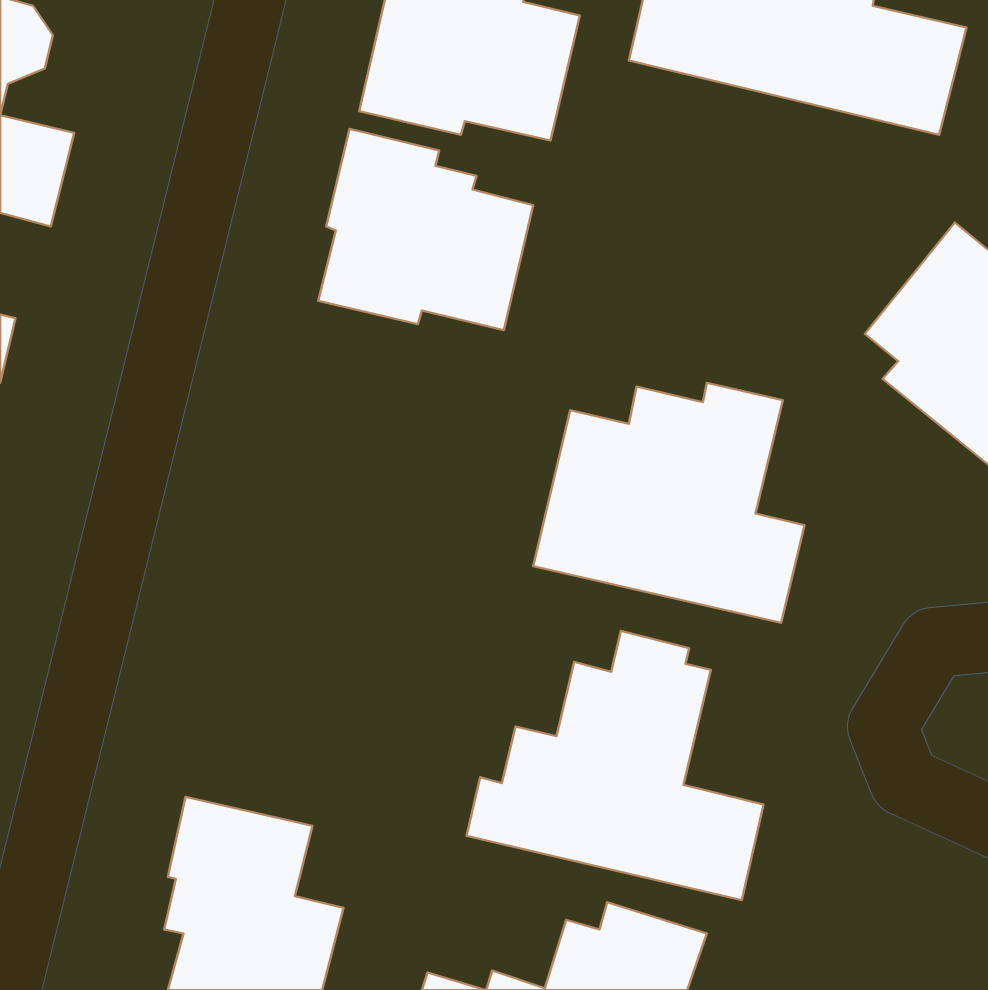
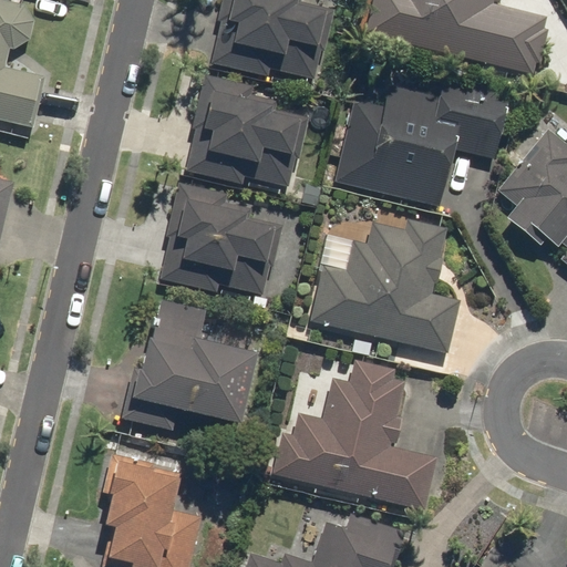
building: none -> [332,73,508,207]
building: none -> [159,182,282,296]
building: none -> [120,298,257,431]

